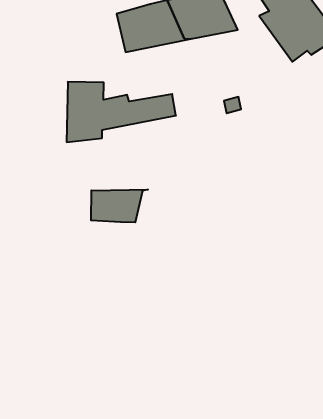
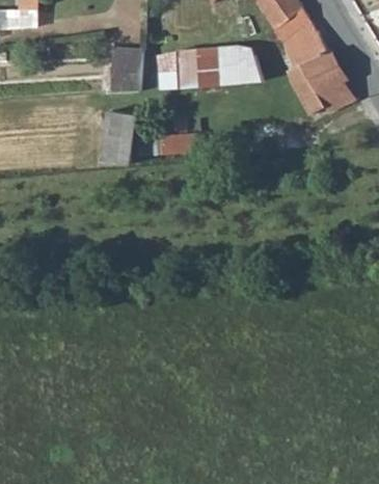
building: none -> [113,49,144,92]
building: [91,190,148,222] -> none

